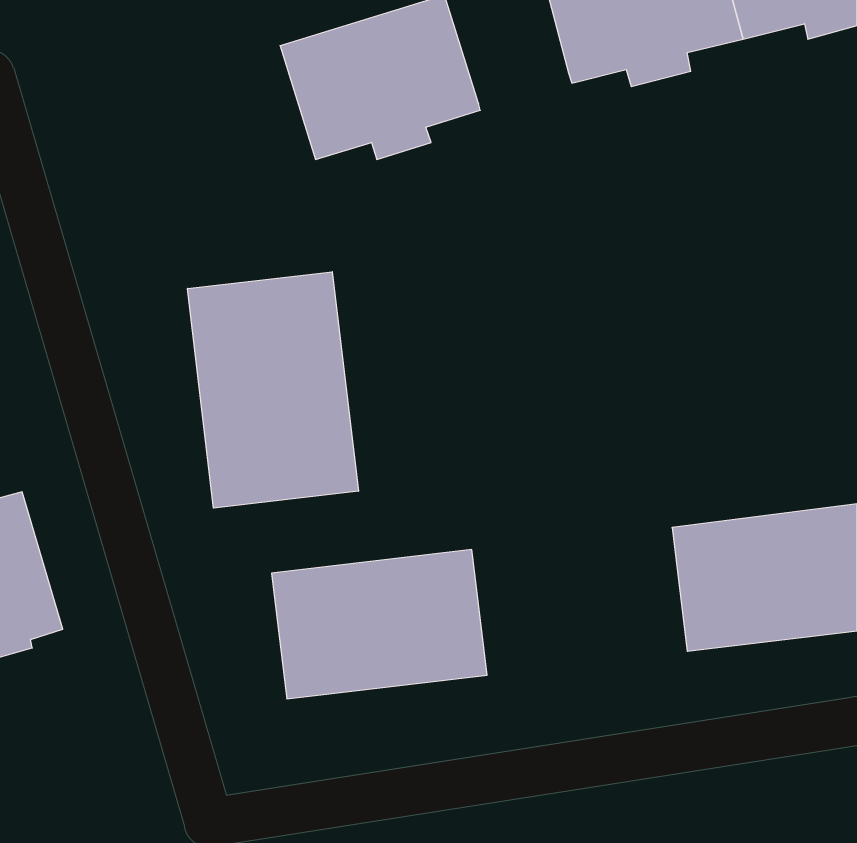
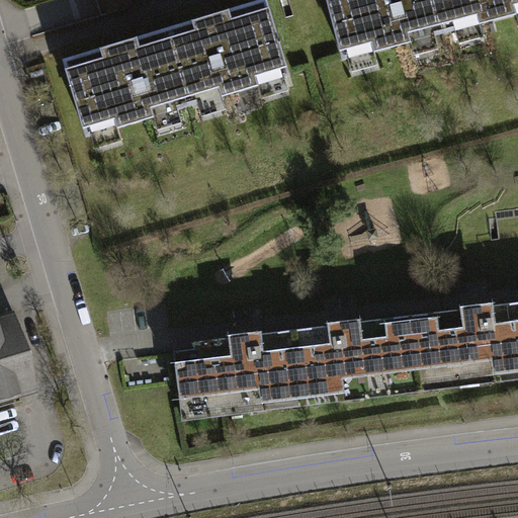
building: none -> [66,27,188,127]
building: [188,272,358,508] -> none
building: none -> [281,315,410,403]

